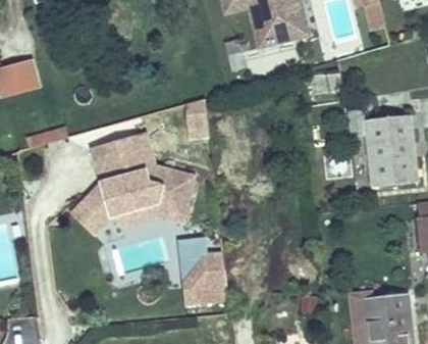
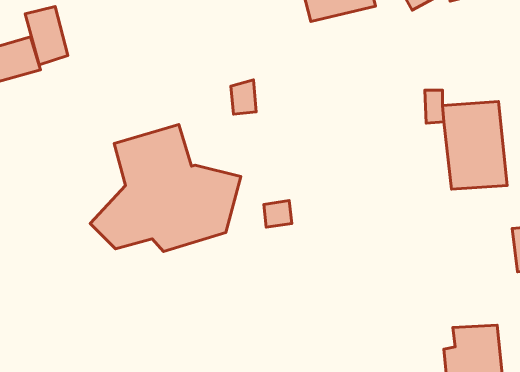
building: none -> [25,7,68,65]
building: [178,238,226,304] -> none

